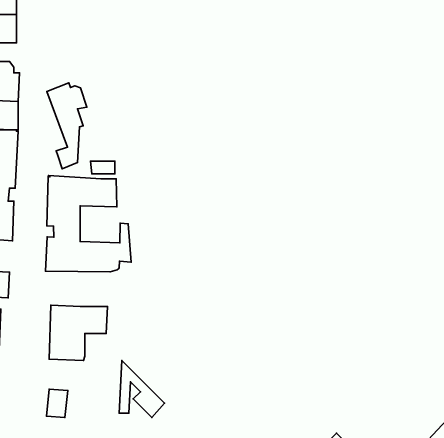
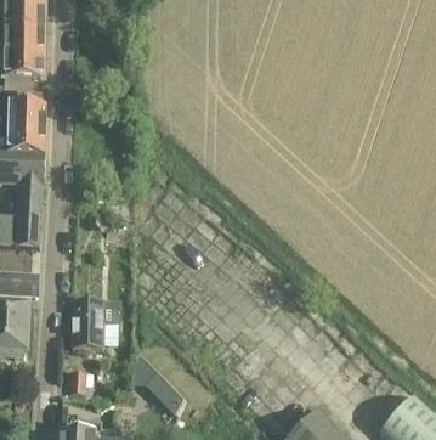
building: [47,83,87,169] -> none
building: [46,175,131,272] -> none

